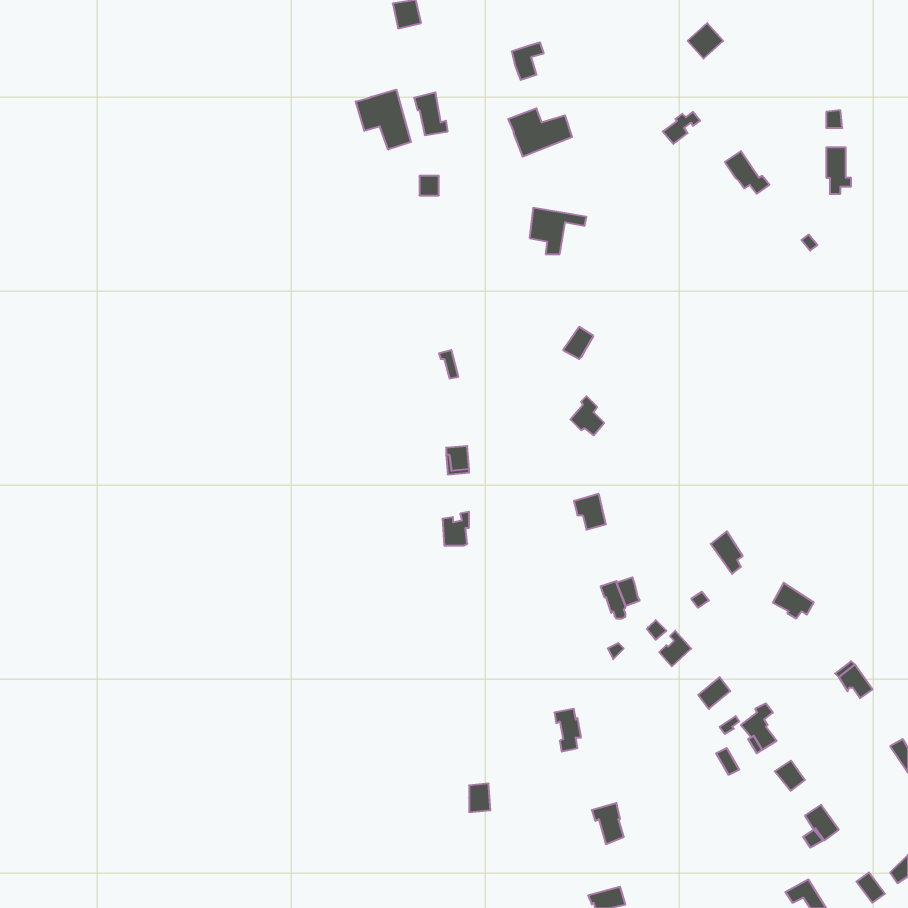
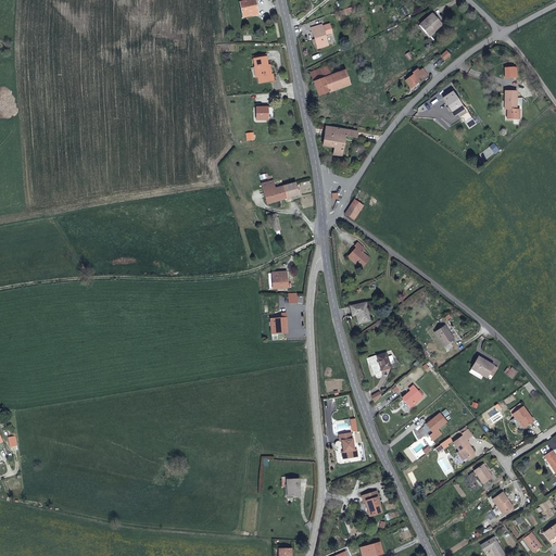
building: [356,90,411,150] -> none
building: none -> [261,176,299,204]

